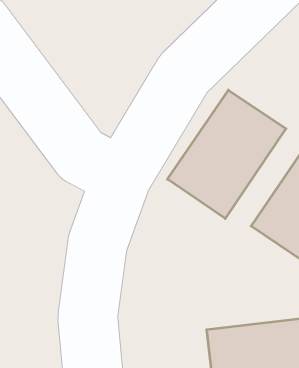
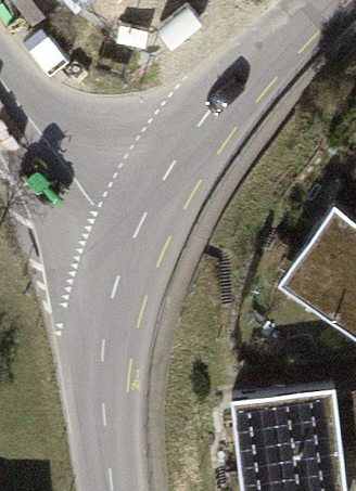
building: [167,90,286,219] -> none

